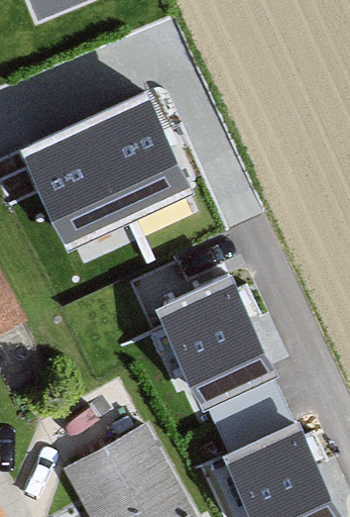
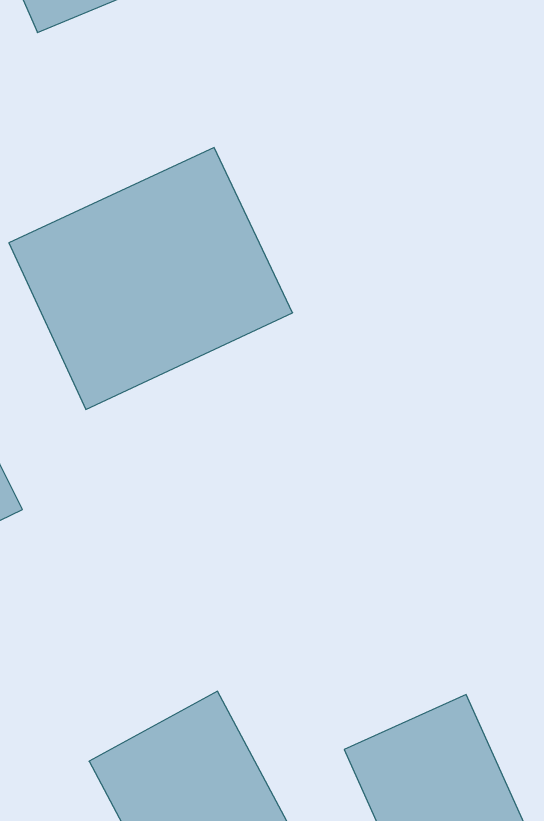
building: [154,281,273,414] -> none

